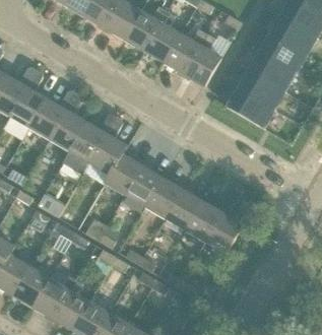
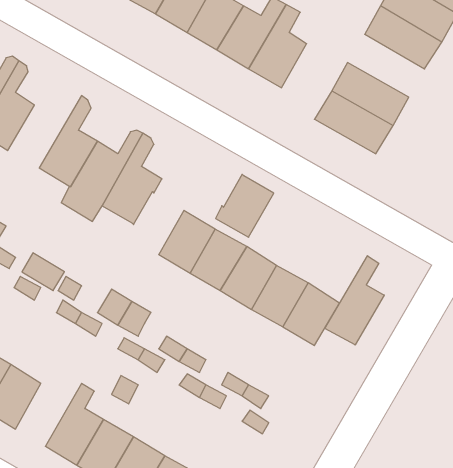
building: [247,53,297,93] -> none
building: [27,90,75,139] -> none
building: [104,154,141,195] -> [216,174,274,237]
building: none -> [325,256,384,345]
building: [33,274,75,319] -> none

